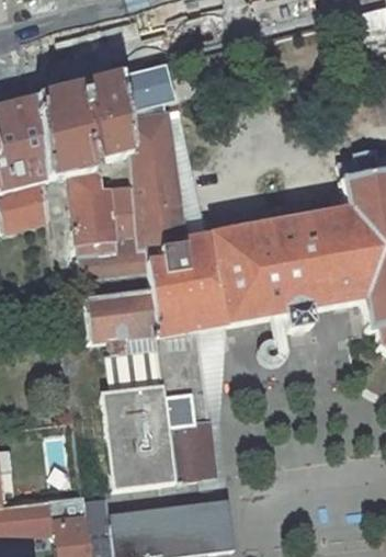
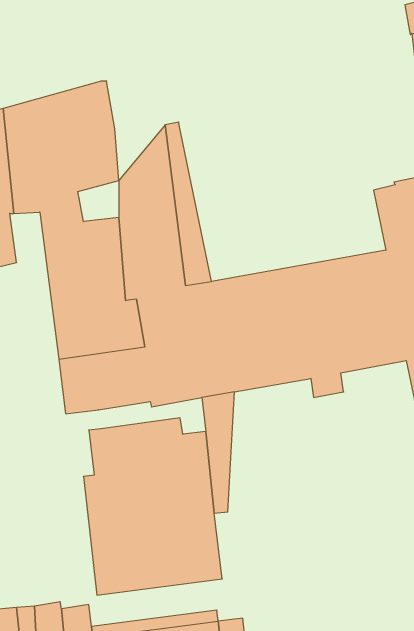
building: [122,64,175,113] -> none
building: [115,329,202,359] -> none

